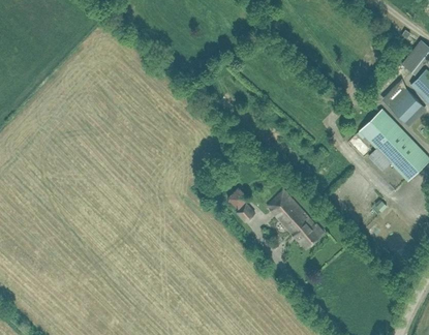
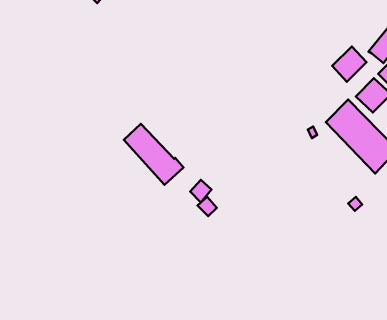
building: none -> [332,46,366,82]
building: [267,190,325,249] -> [124,124,184,185]

